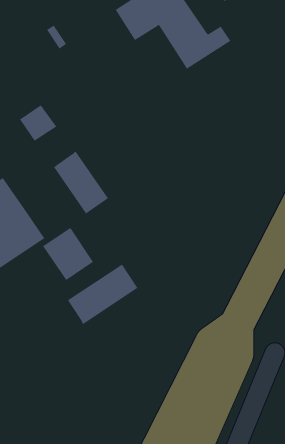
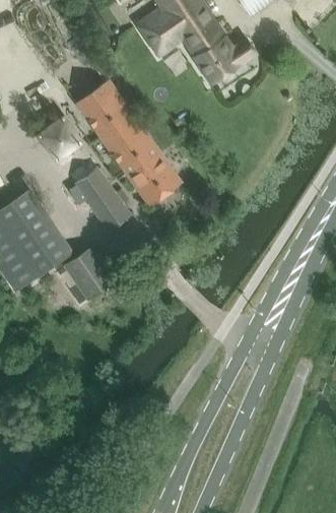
building: none -> [76,80,180,204]
building: [67,264,138,325] -> none

